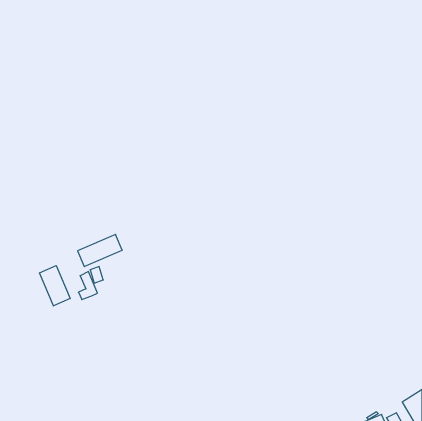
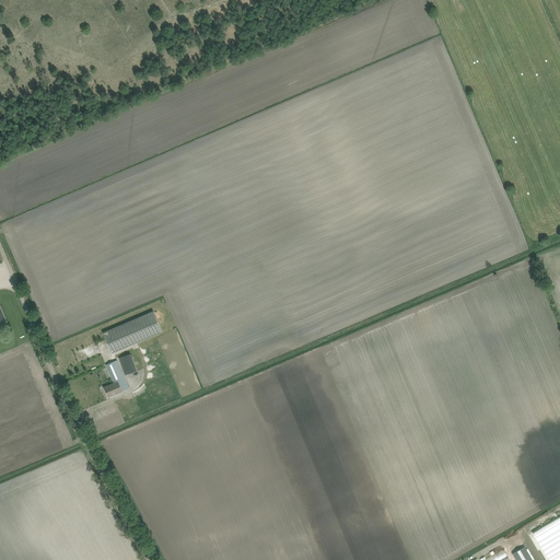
building: [39,266,70,306] -> none

